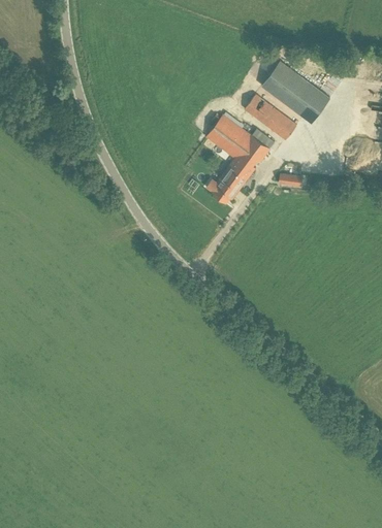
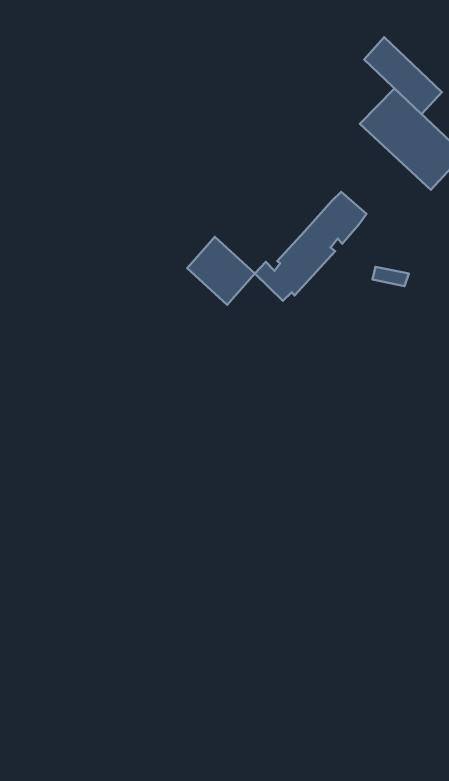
building: [245,94,296,140] -> [364,37,442,114]
building: [205,116,249,158] -> [187,237,255,305]

